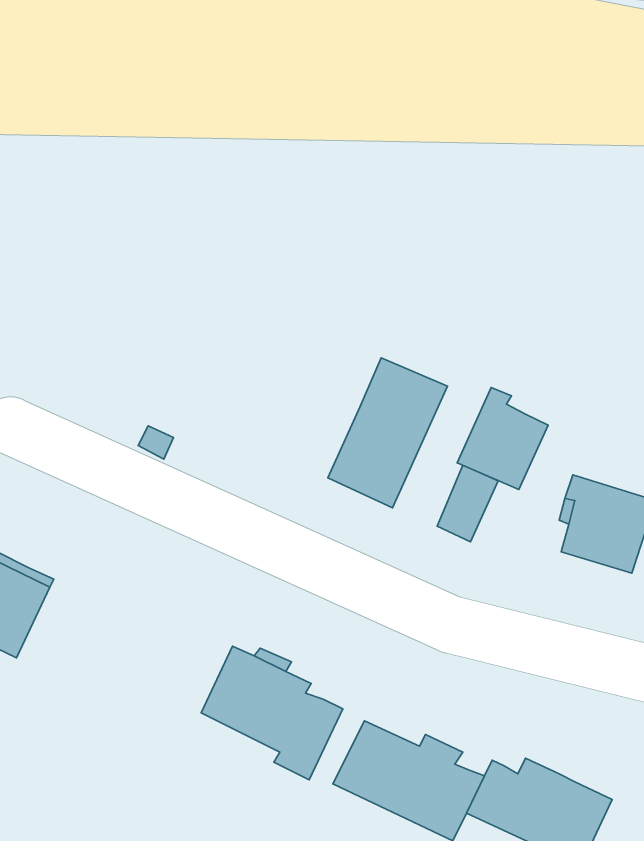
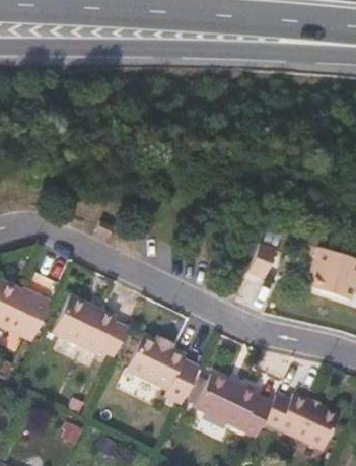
building: [328,358,447,508] -> none
building: [457,387,548,490] -> none
building: none -> [54,295,129,354]

